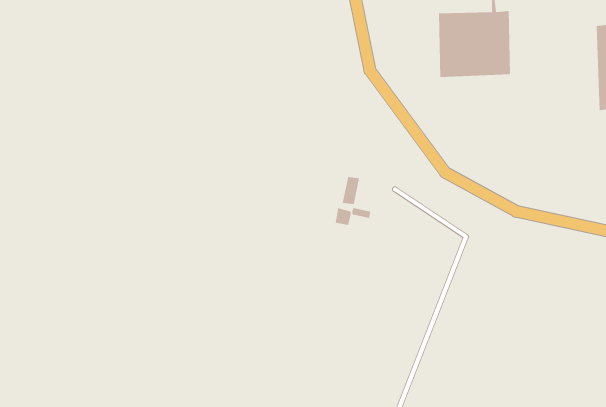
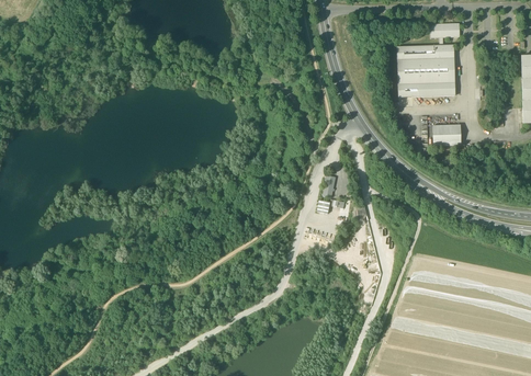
building: none -> [432,124,461,145]

